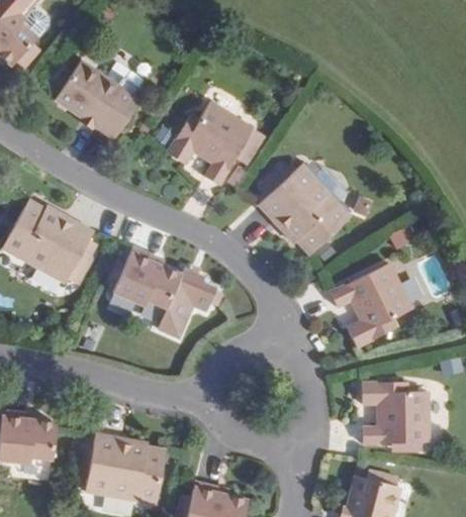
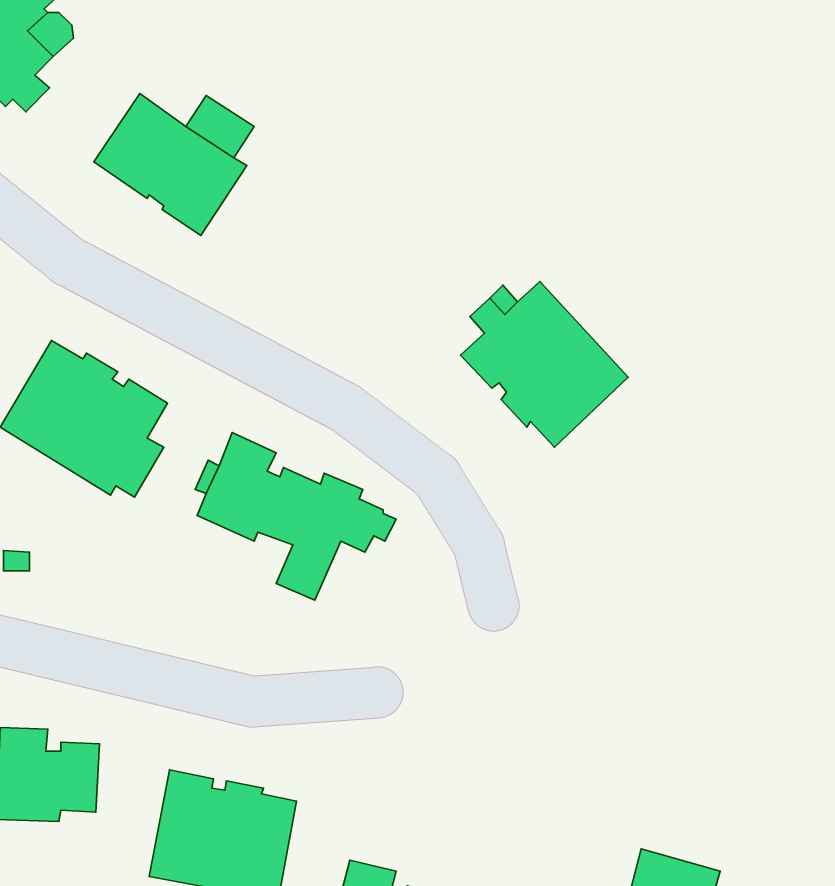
building: [166,105,260,188] -> none
building: [329,266,410,348] -> none
building: [361,382,428,443] -> none

